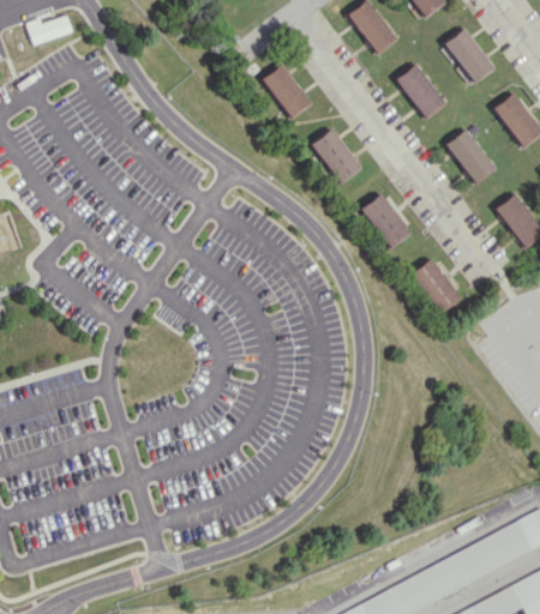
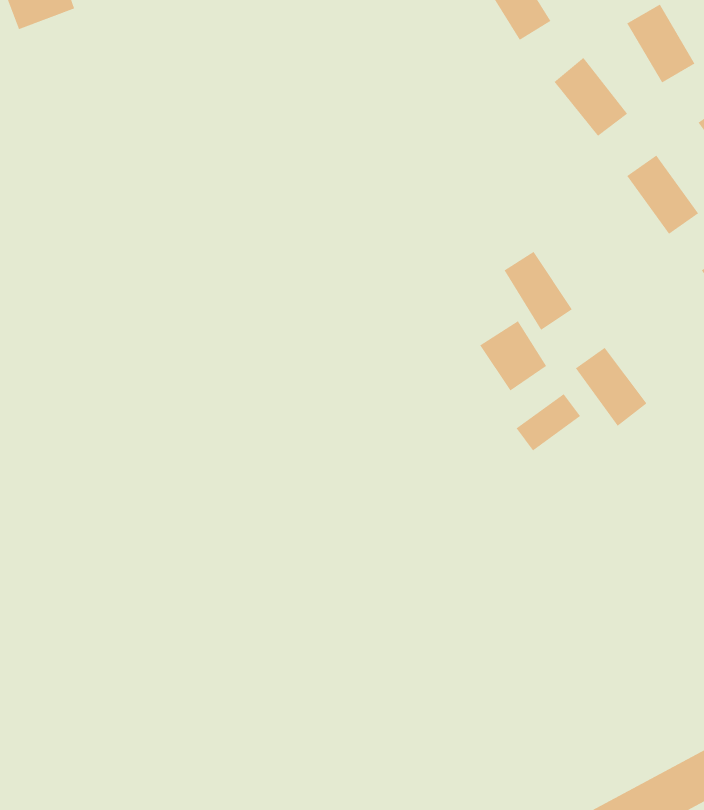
building: [264,65,308,118] -> none
building: [311,128,362,183] -> none
building: none -> [479,320,547,391]
building: none -> [515,393,581,451]

